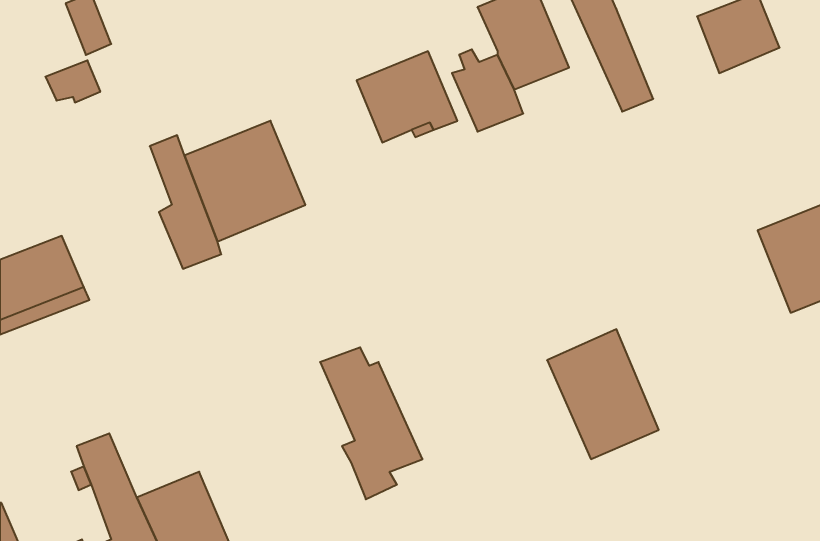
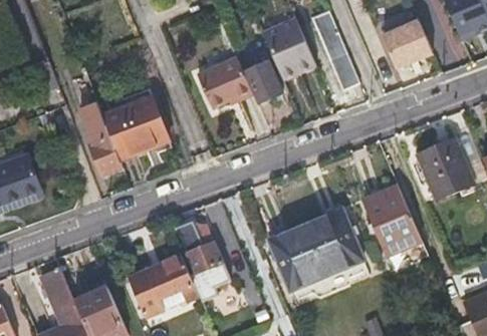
building: none -> [359,187,419,256]
building: none -> [267,226,325,294]
building: none -> [126,254,194,306]

